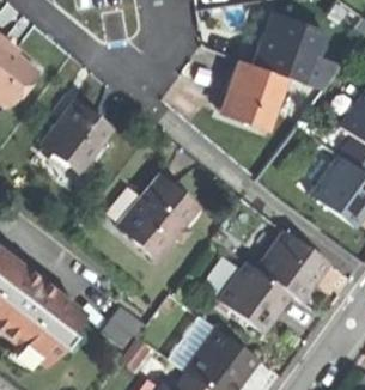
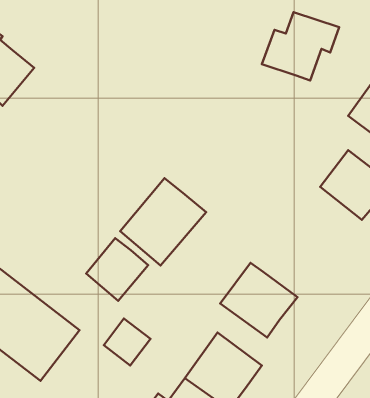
building: [227,65,288,132] -> none
building: [50,104,116,170] -> none
building: [257,227,326,295] -> none
building: none -> [86,238,148,301]

